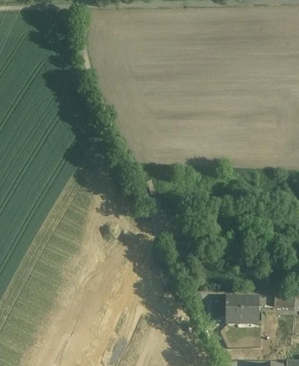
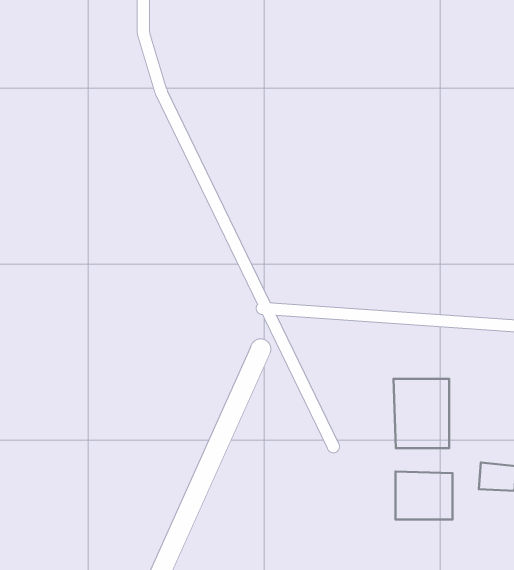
building: none -> [394,379,449,448]

